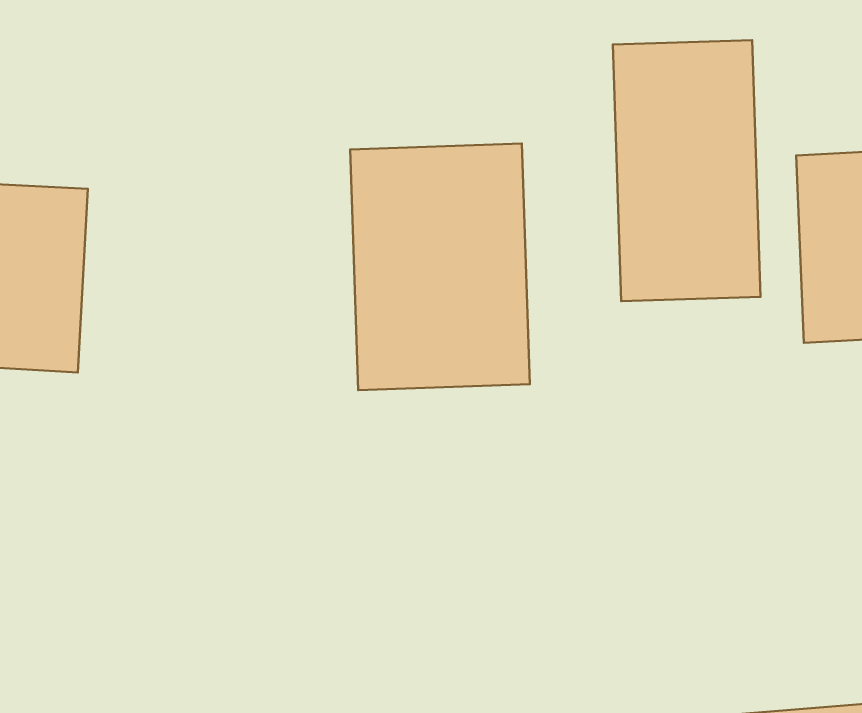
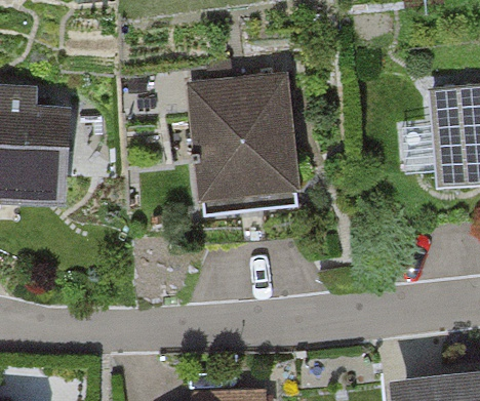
building: [613,40,760,301] -> none

